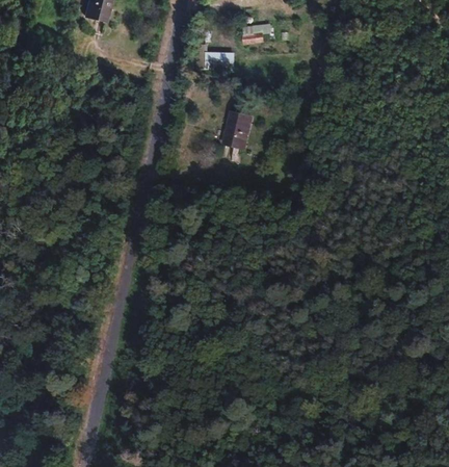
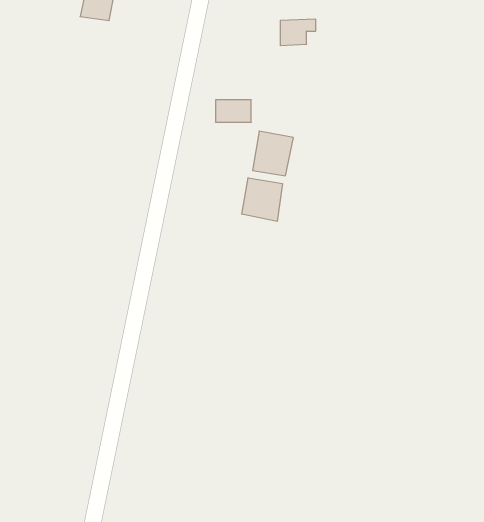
building: [206,52,234,70] -> [216,100,251,122]
building: none -> [242,178,282,221]

